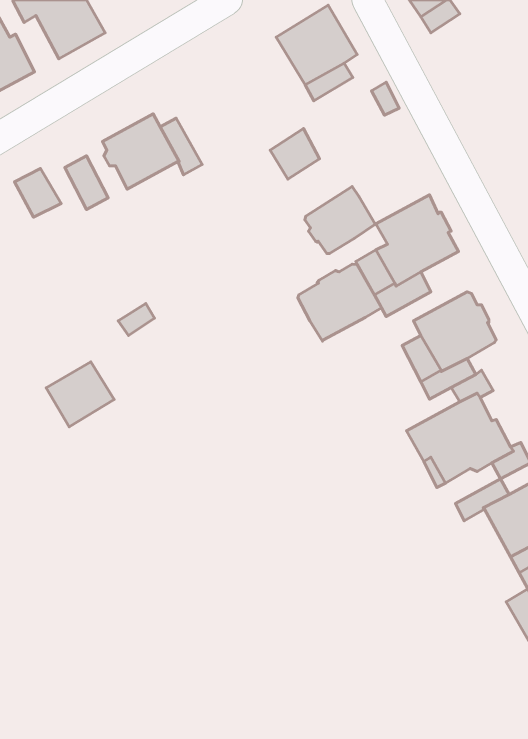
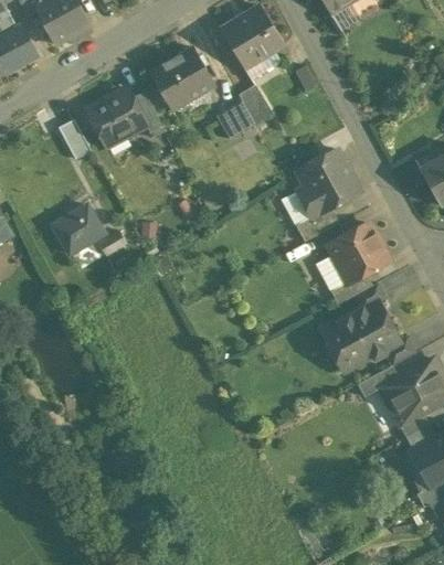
building: none -> [150,47,215,108]
building: none -> [239,82,272,121]
building: [14,168,61,217] -> none
building: [305,186,376,254] -> none
building: [298,264,381,341] -> none
building: [46,362,114,427] -> [54,205,106,255]

